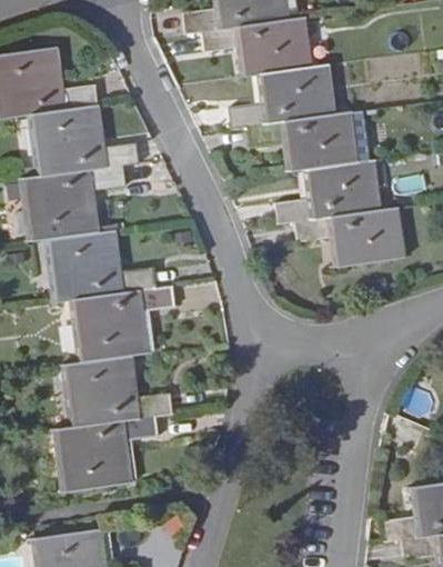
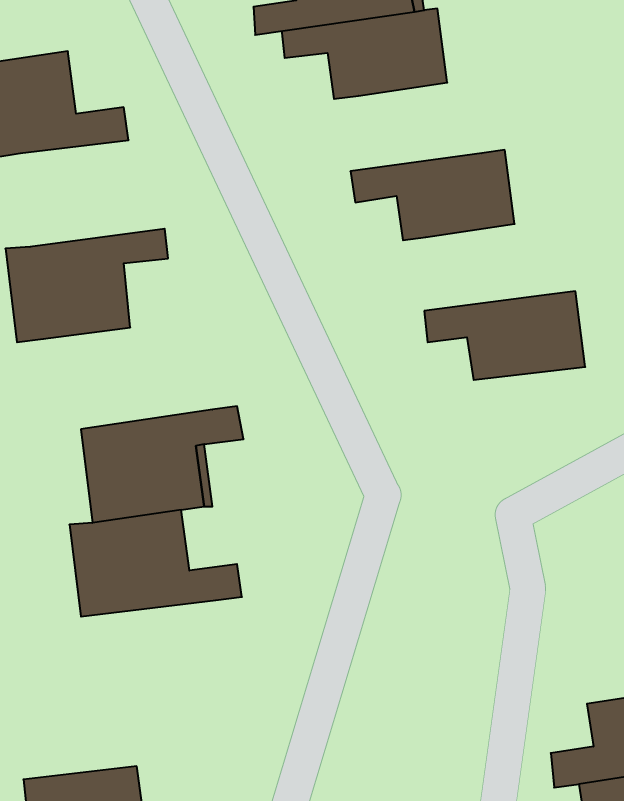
building: [230,63,338,128] -> none
building: [26,105,140,177] -> none
building: [275,159,383,223] -> none
building: [41,229,155,304] -> none
building: [49,416,162,493] -> none

